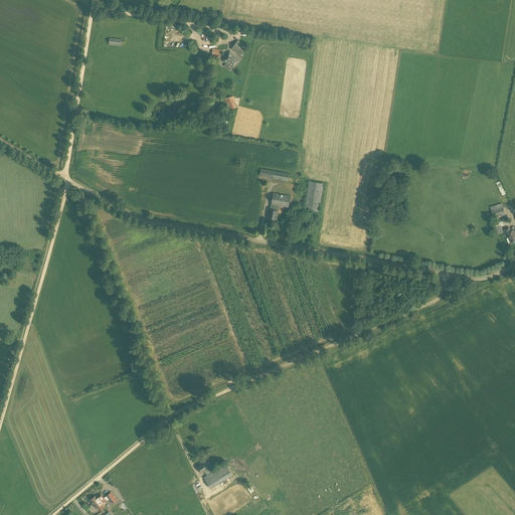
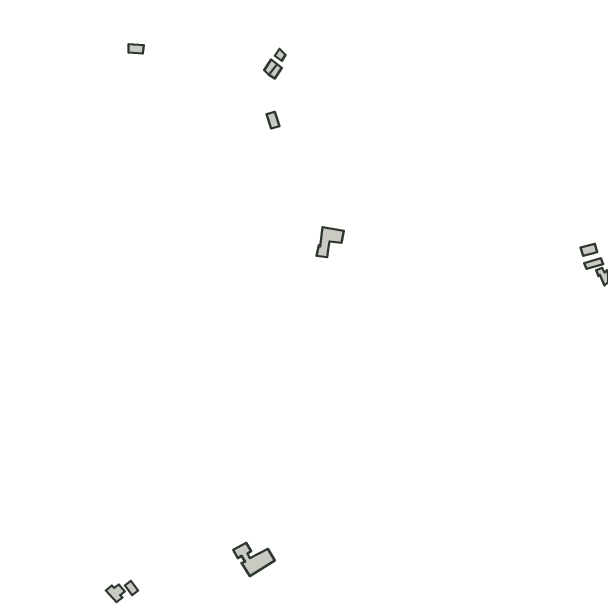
building: [304,180,324,212] -> none

